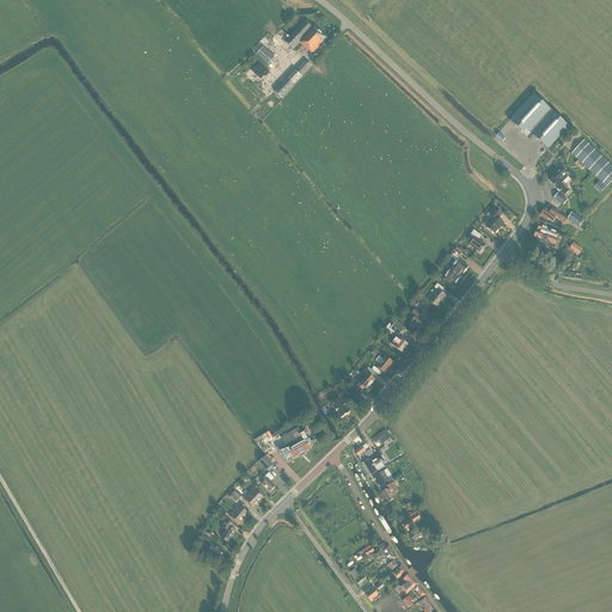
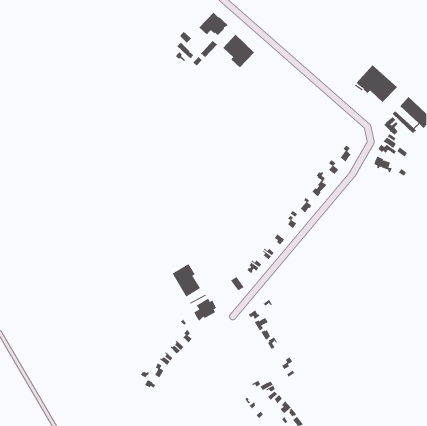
building: none -> [223,34,255,68]
building: none -> [172,263,201,298]

